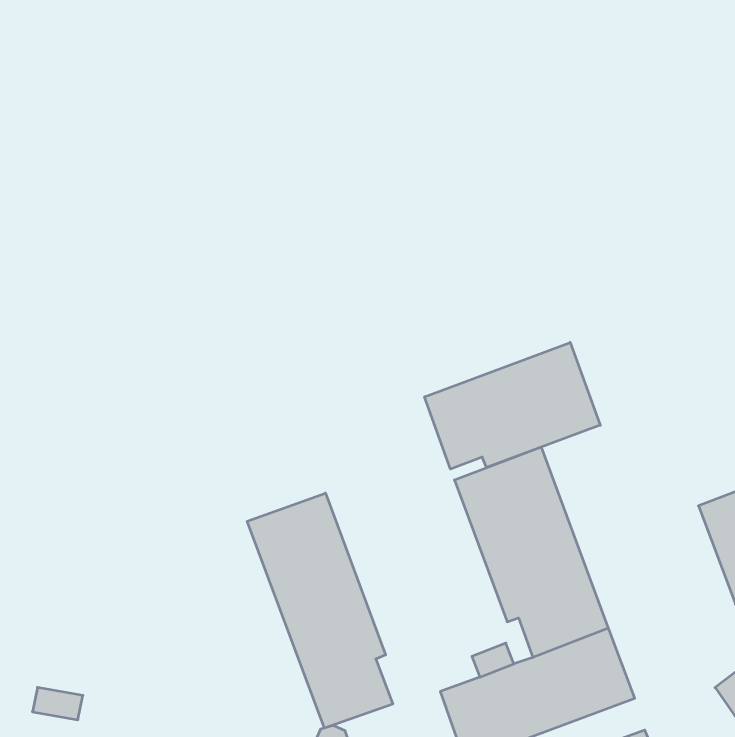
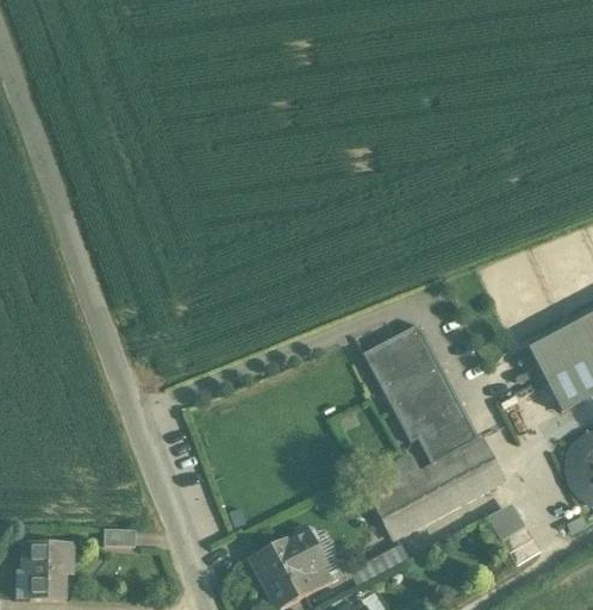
building: [425,342,600,469] -> none
building: [247,493,393,728] -> none

